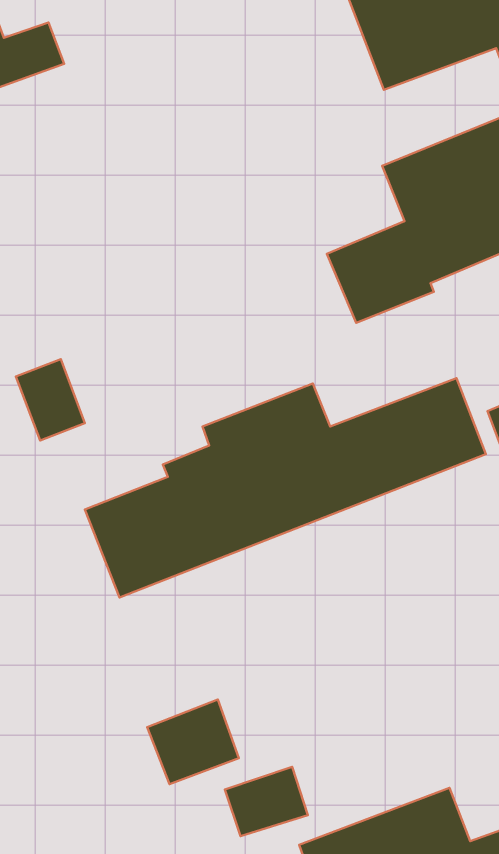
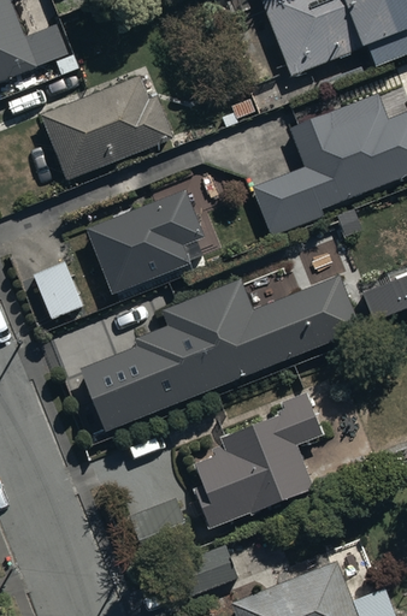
building: none -> [43,75,173,178]
building: none -> [87,190,201,292]
building: none -> [194,391,323,526]

